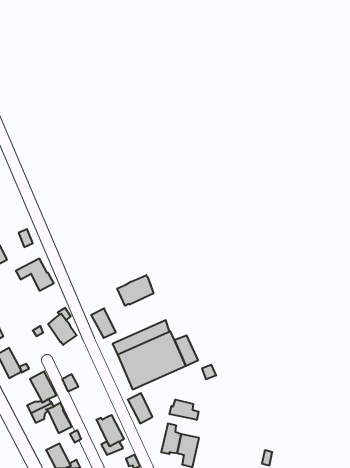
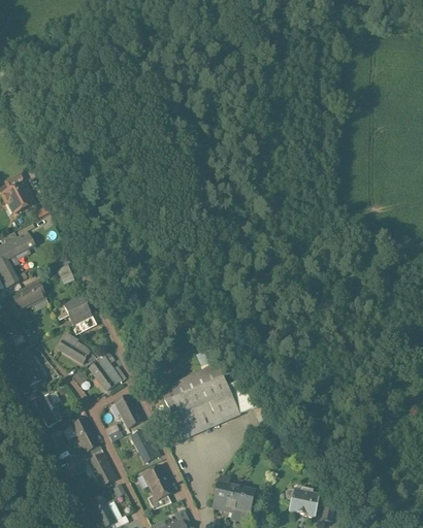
building: [117,275,153,306] -> none
building: none -> [57,332,89,363]
building: [91,308,116,338] -> [113,395,140,427]
building: [128,393,152,423] -> [131,429,158,462]
building: [170,400,199,420] -> none
building: none -> [288,490,318,518]

